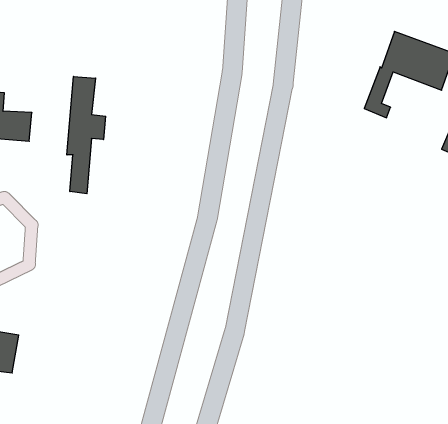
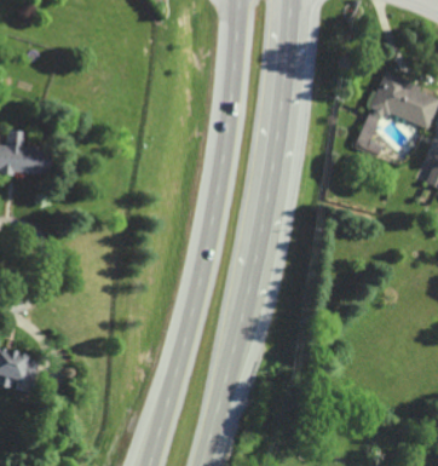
building: [67,76,106,194] -> none

